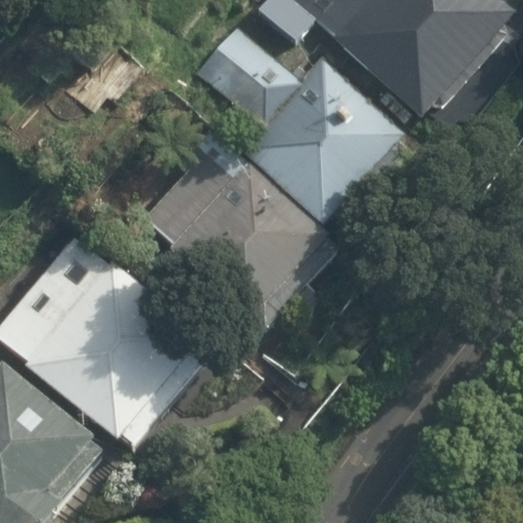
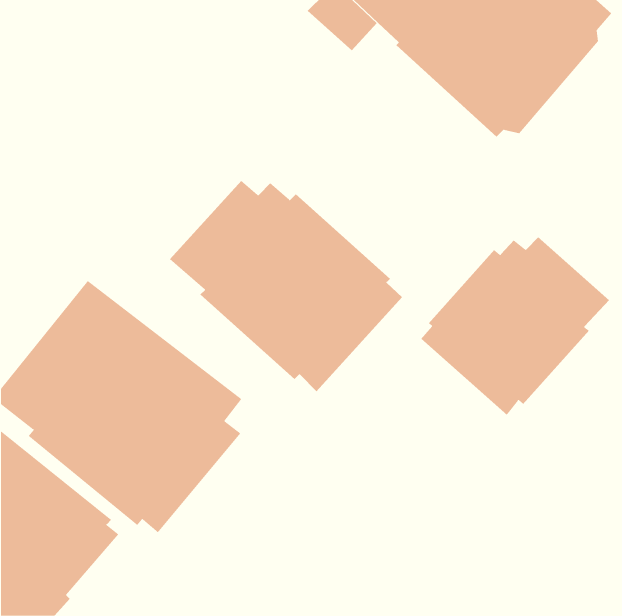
building: [198,26,407,226] -> none
building: none -> [420,236,610,416]

